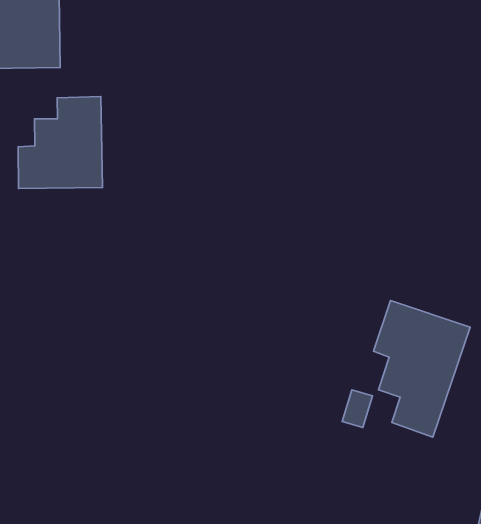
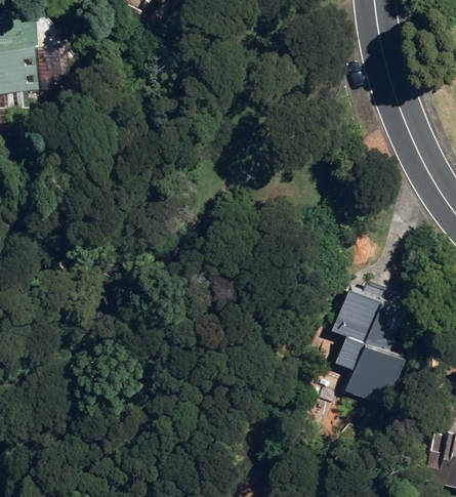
building: [18,97,103,189] -> none

